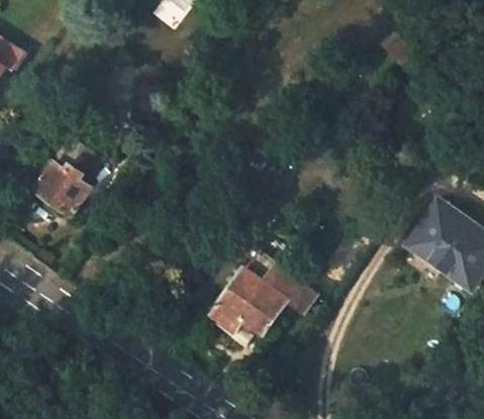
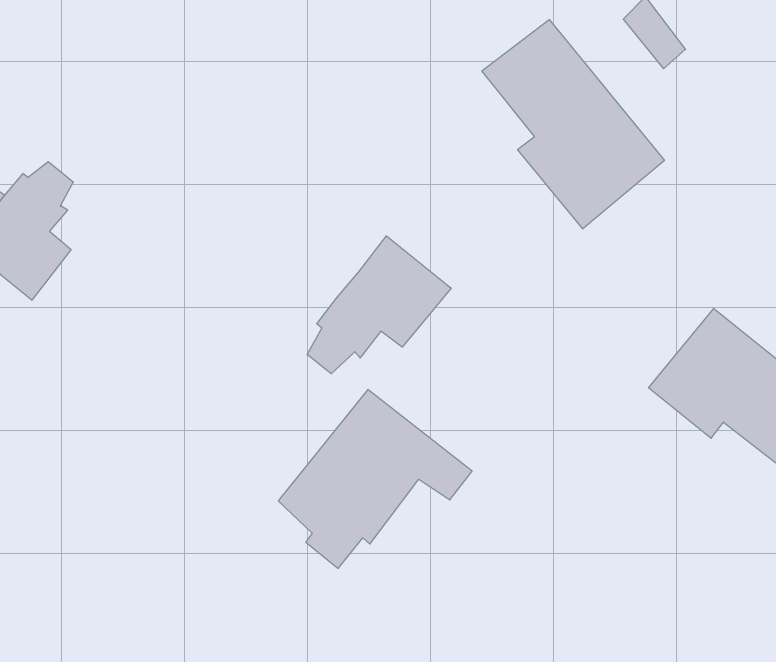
building: none -> [482,20,664,229]
building: none -> [307,236,451,374]

